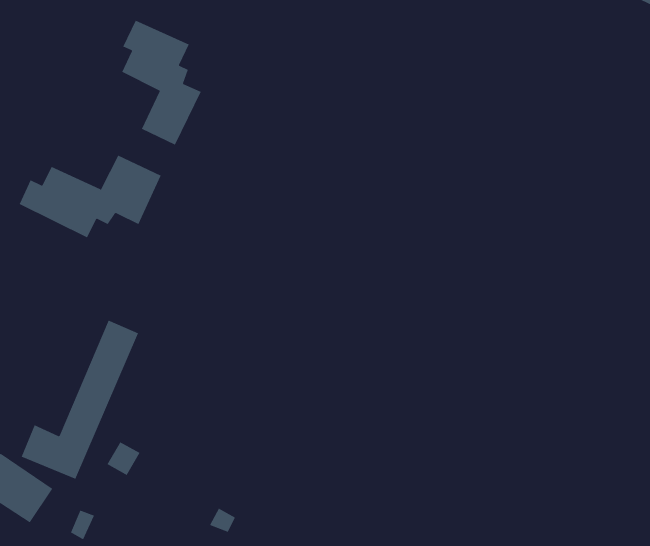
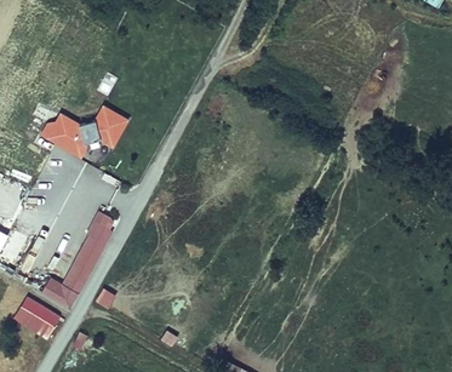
building: [122,20,201,145] -> none

